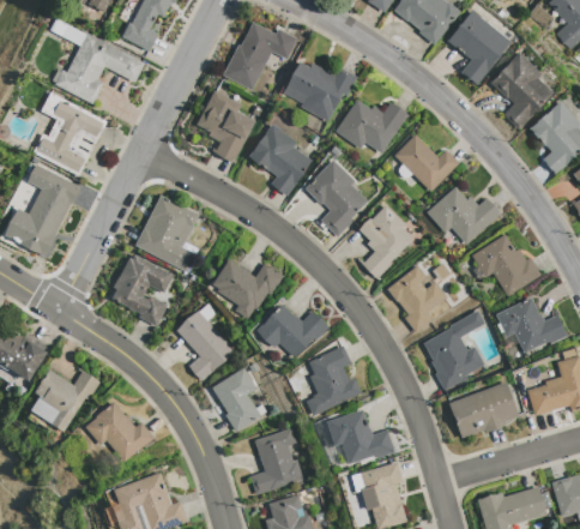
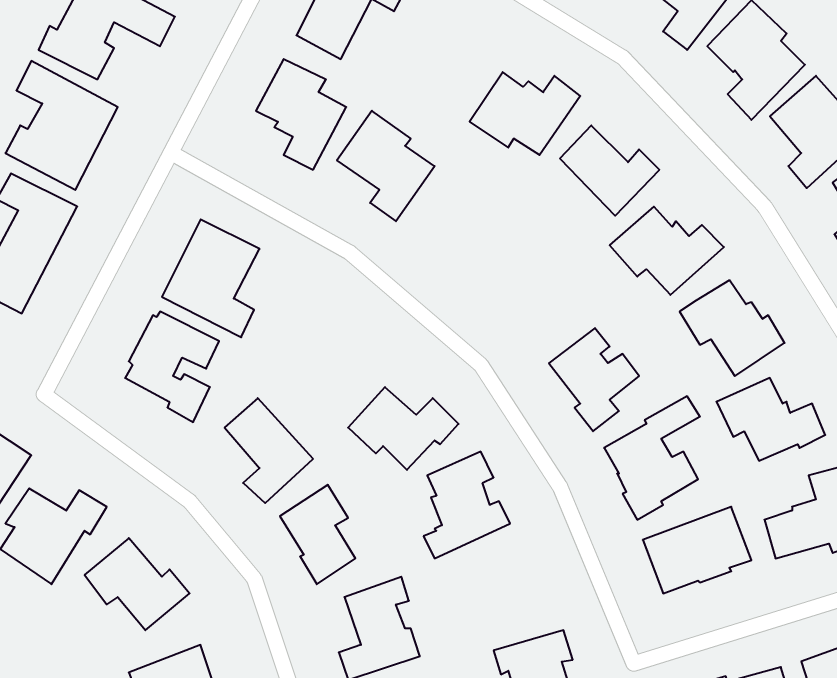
building: [284,61,357,121] -> none
building: [306,160,368,236] -> none
building: [360,205,412,278] -> none
building: [212,259,284,318] -> none
building: [327,409,394,463] -> none

